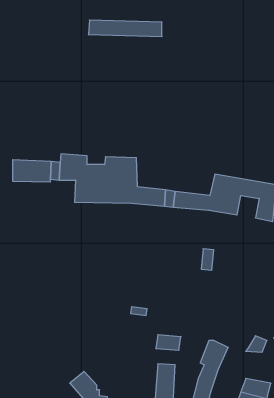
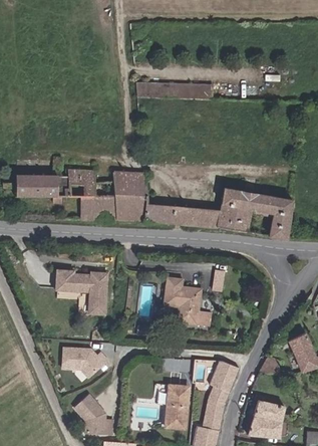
building: [88,20,162,37] -> [136,79,213,96]
building: none -> [61,269,111,313]
building: none -> [166,274,214,325]
building: none -> [64,347,109,377]

